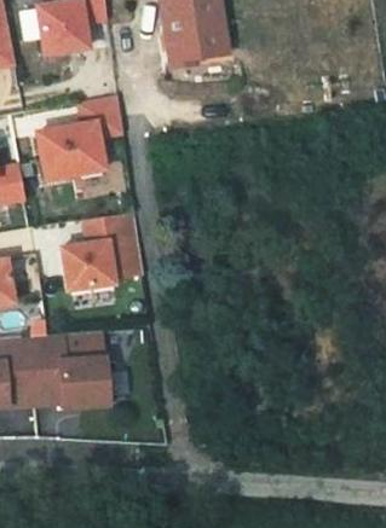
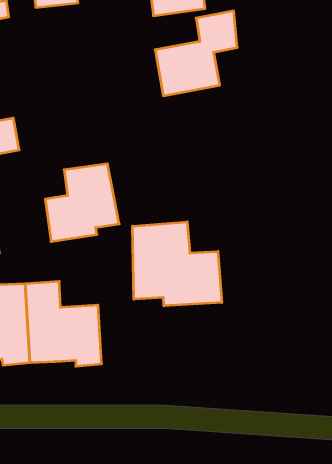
building: [33,95,117,182] -> [155,11,237,96]
building: none -> [133,222,222,306]

